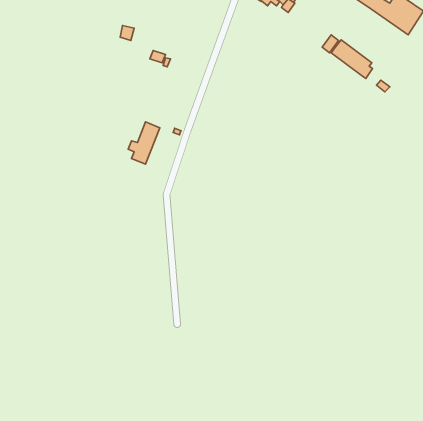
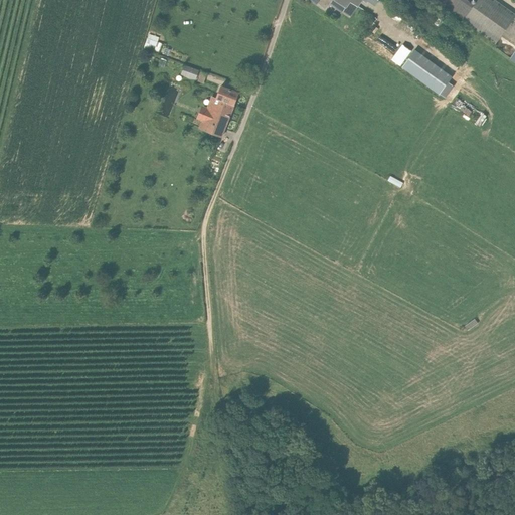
building: [128,122,160,164] -> [200,83,238,135]

